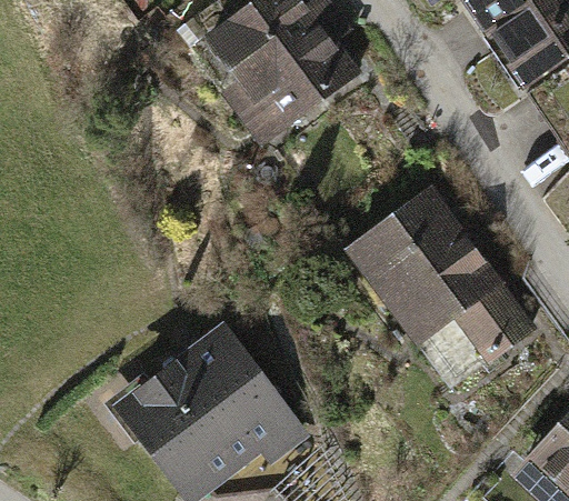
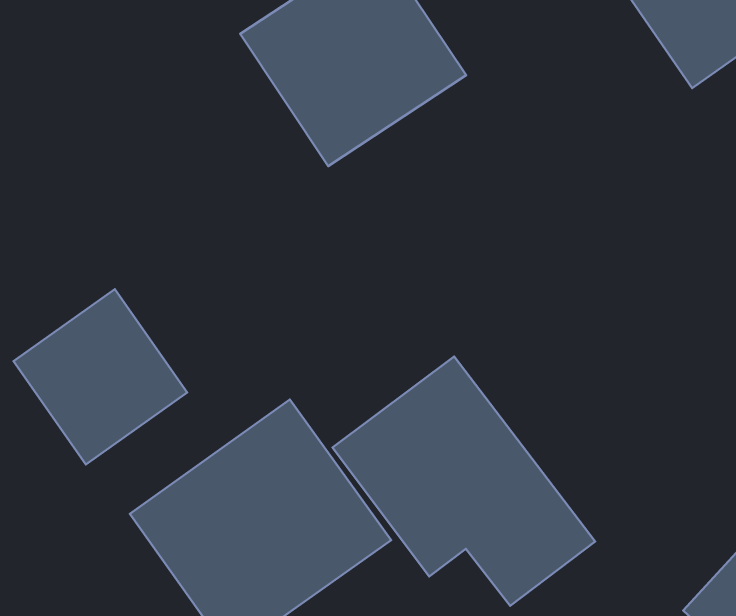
building: [339,187,538,375] -> [332,357,595,606]
building: none -> [13,289,187,464]

